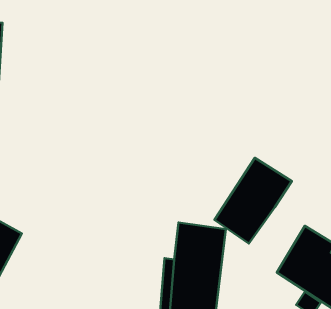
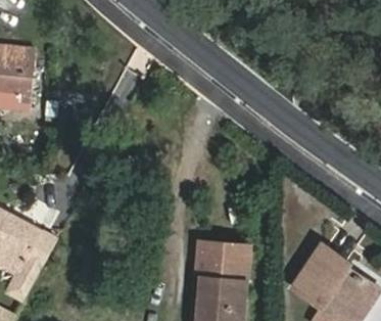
building: [214,158,292,244] -> none

